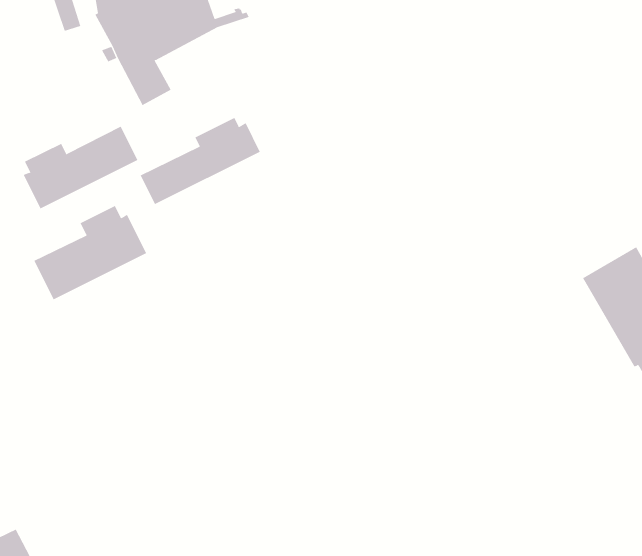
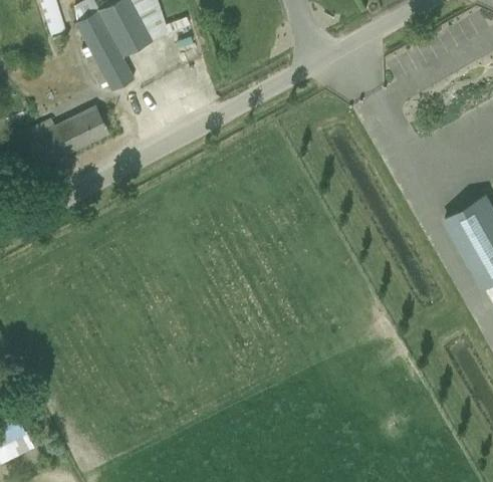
building: [140,117,261,205] -> none
building: [34,205,147,300] -> none

